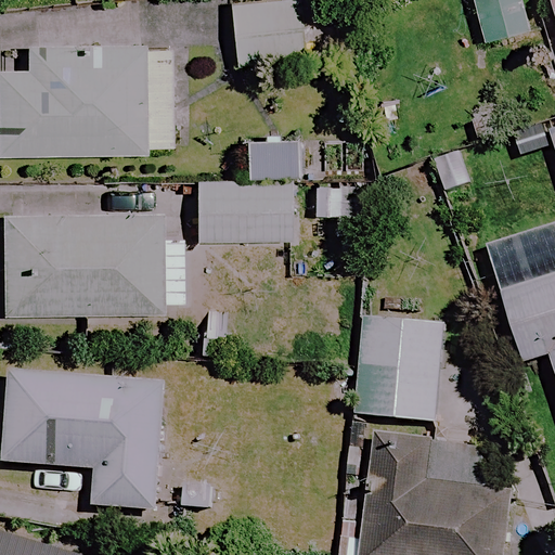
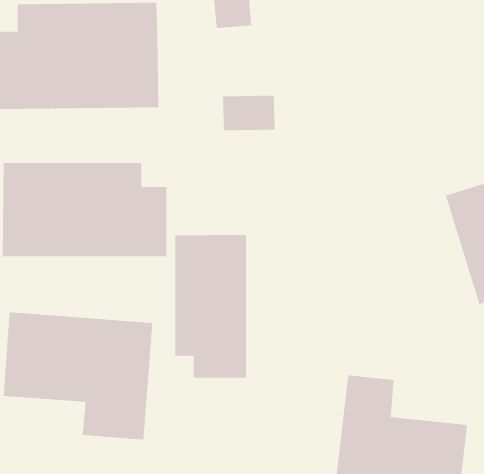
building: [197,183,289,241] -> none
building: none -> [174,234,247,379]
building: [357,324,440,424] -> none

